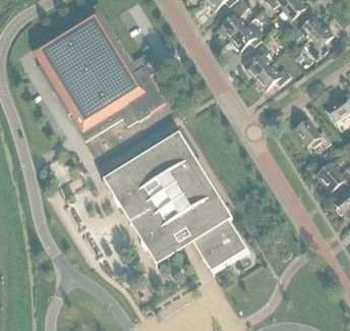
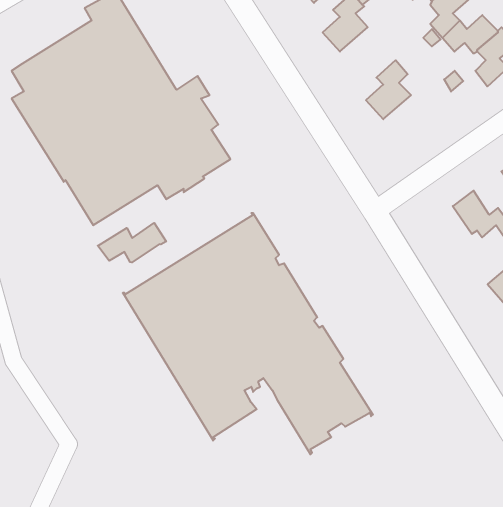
building: [230,23,266,49] -> none
building: [255,63,291,90] -> none
building: none -> [98,223,166,262]

